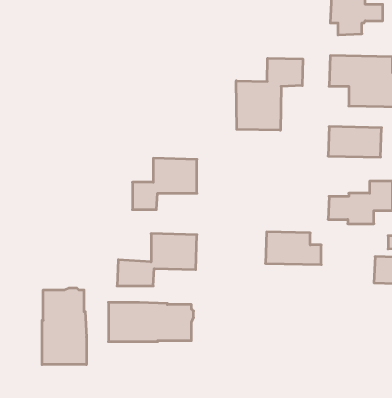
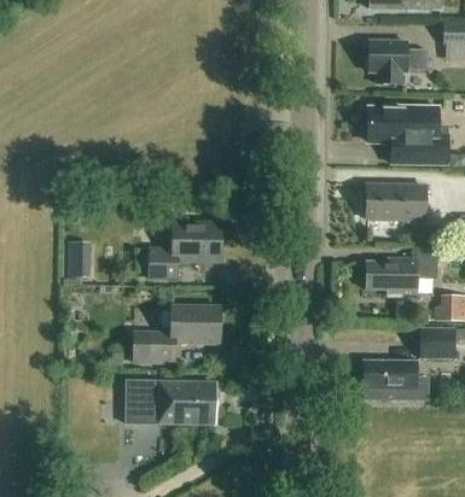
building: [236,58,303,130] -> none
building: none -> [65,247,92,279]
building: [265,232,321,265] -> [366,362,428,398]
building: [42,288,86,365] -> none

